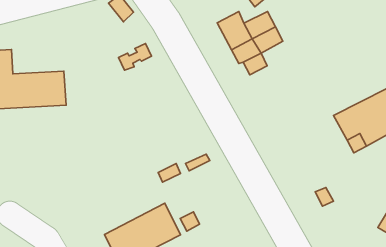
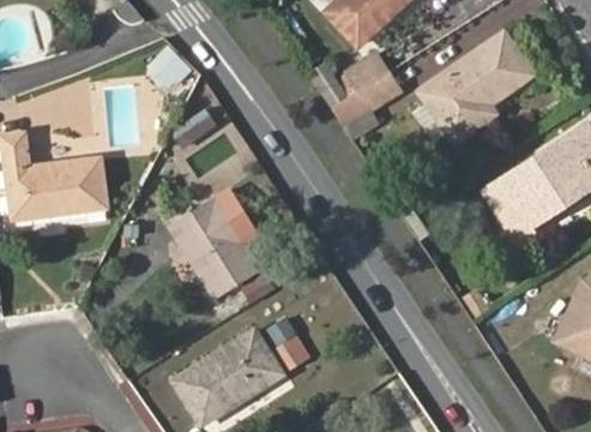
building: none -> [420,31,533,142]
building: none -> [169,191,260,296]

